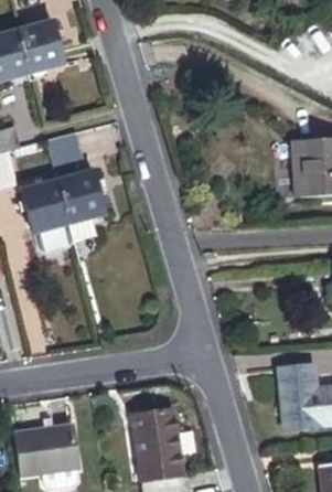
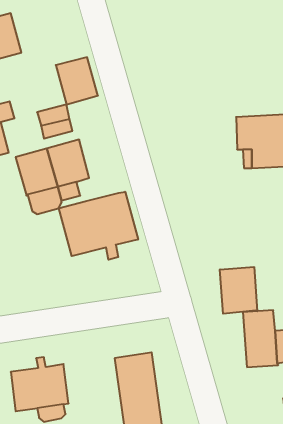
building: [15,18,63,71] -> [56,57,98,104]
building: none -> [59,192,138,260]
building: none -> [220,267,257,314]

